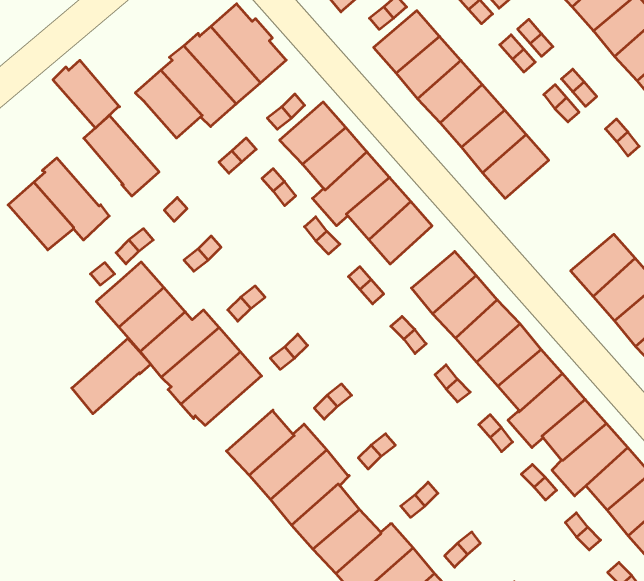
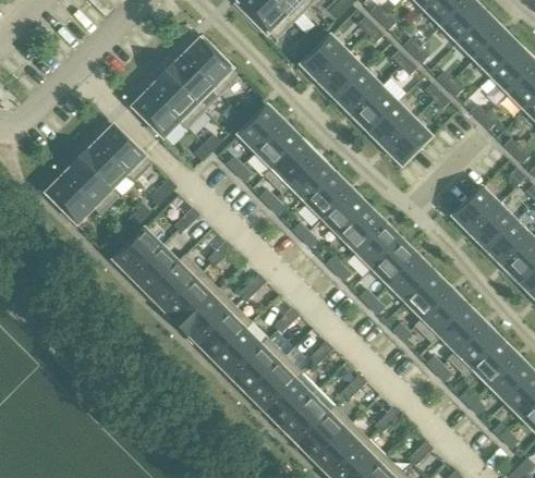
building: [53,60,120,128] -> [77,142,126,189]
building: none -> [321,188,367,234]
building: [72,338,151,414] -> [196,304,252,359]

